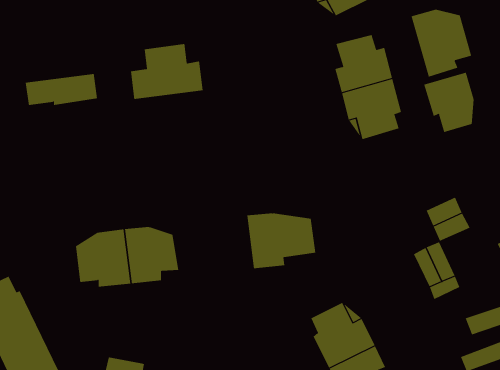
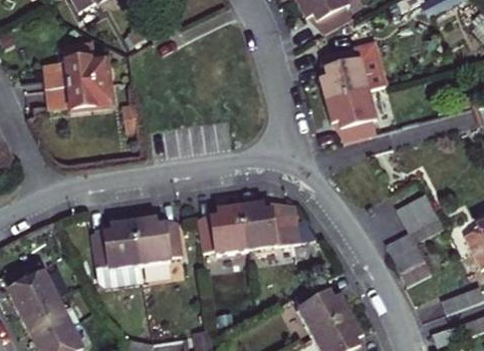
building: [411,9,472,78] -> none
building: [130,44,203,100] -> [45,41,109,90]
building: [423,72,474,133] -> none
building: none -> [201,207,249,257]

